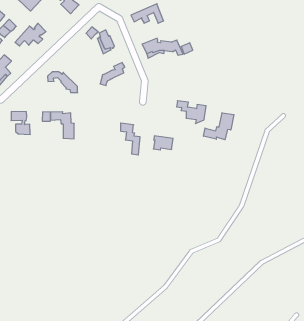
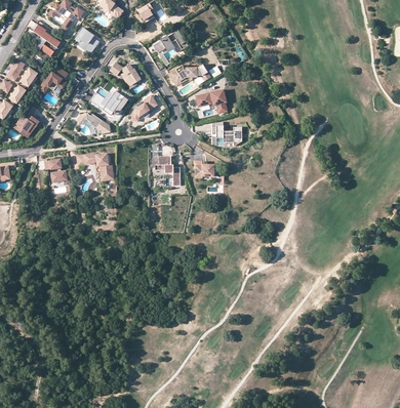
building: none -> [90,90,129,115]
building: none -> [196,89,227,113]
building: [204,113,234,140] -> none

